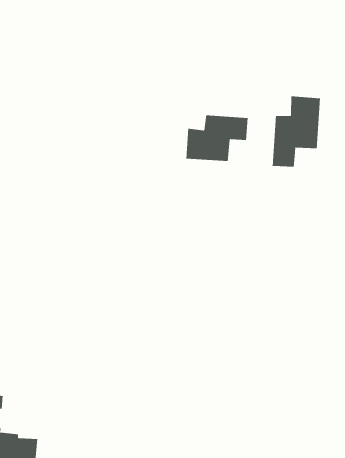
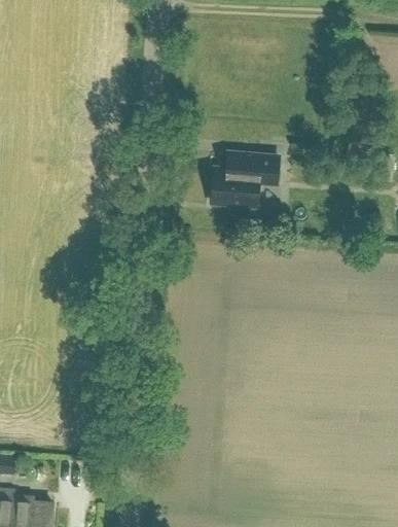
building: [272,96,320,168] -> none

